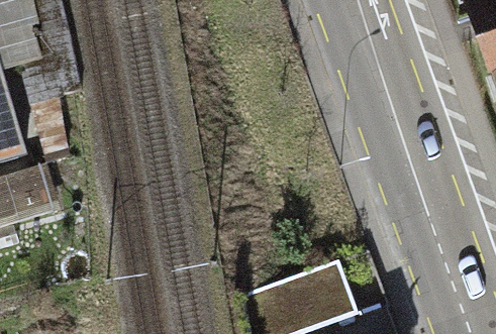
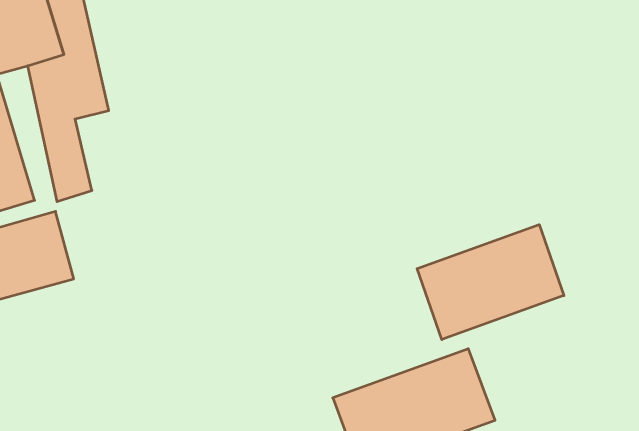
building: none -> [417,225,564,340]

